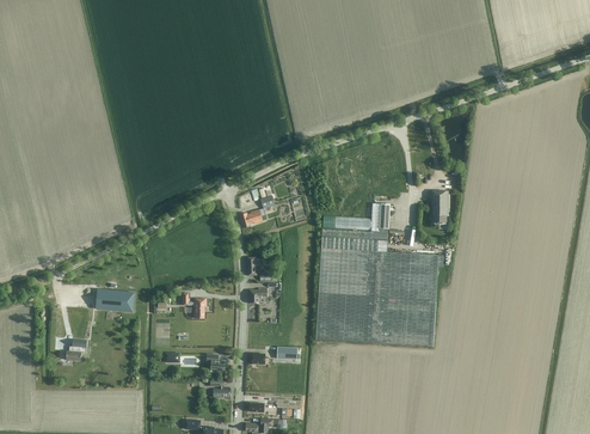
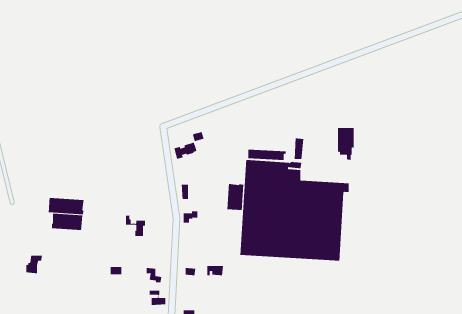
building: none -> [227,183,244,211]
building: none -> [48,197,84,215]

